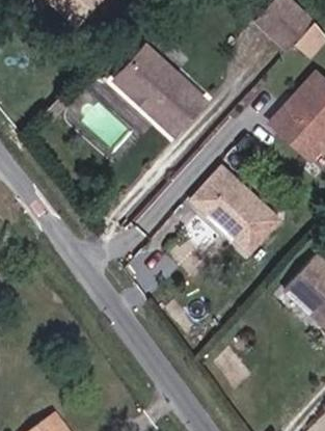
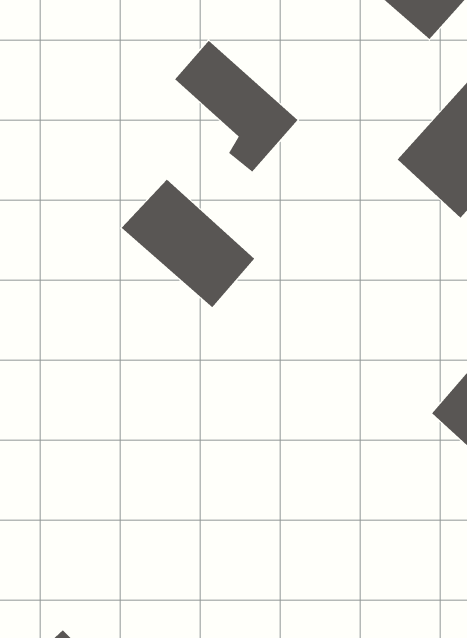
building: [195,167,280,249] -> [121,179,255,308]

